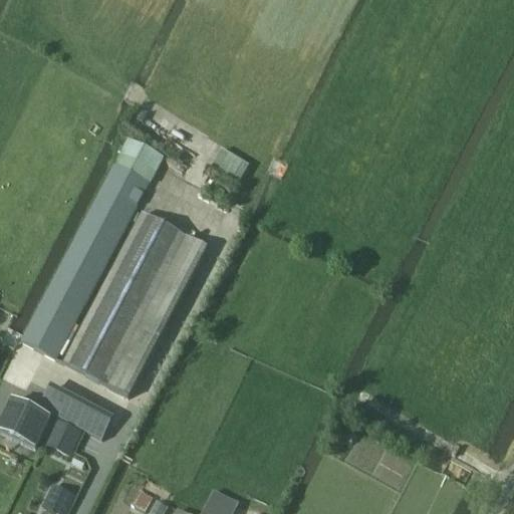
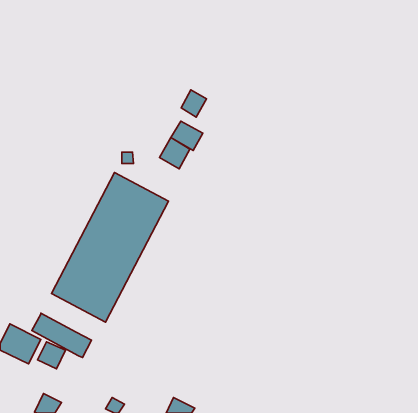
building: none -> [181,90,207,117]
building: [21,138,163,357] -> none
building: none -> [159,137,190,169]

